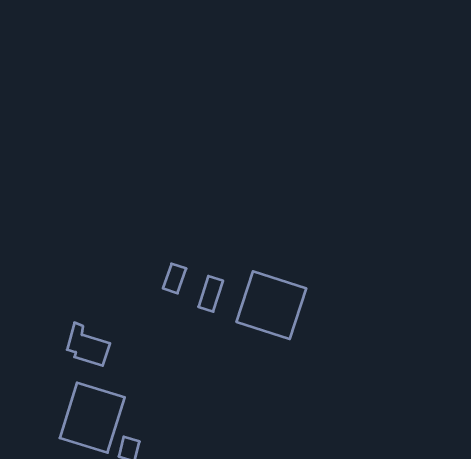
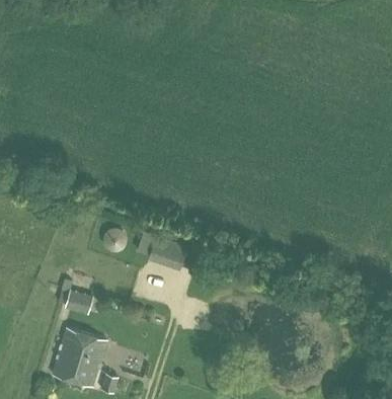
building: [237,271,306,339] -> none

